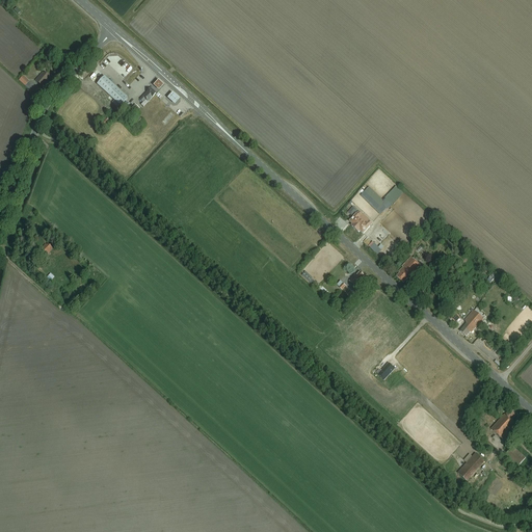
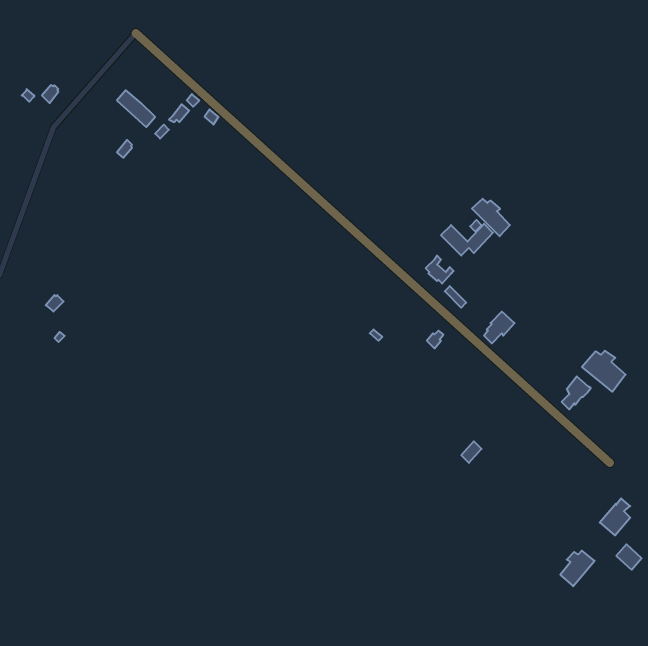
building: none -> [472,199,510,236]
building: none -> [582,351,626,392]

